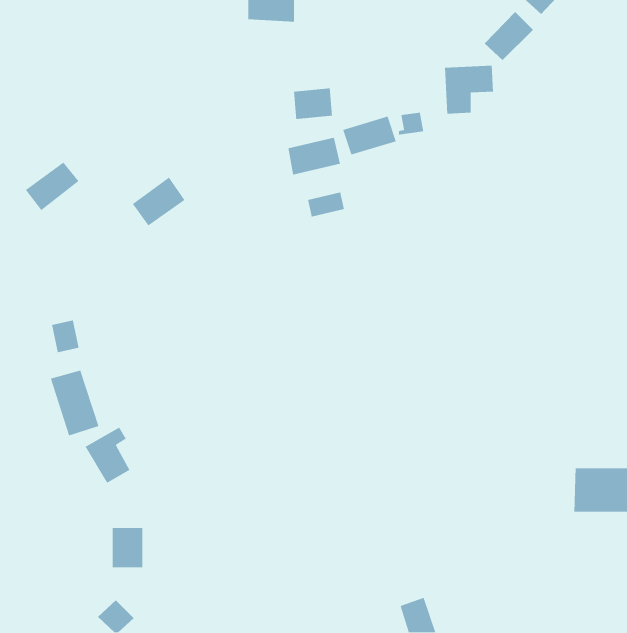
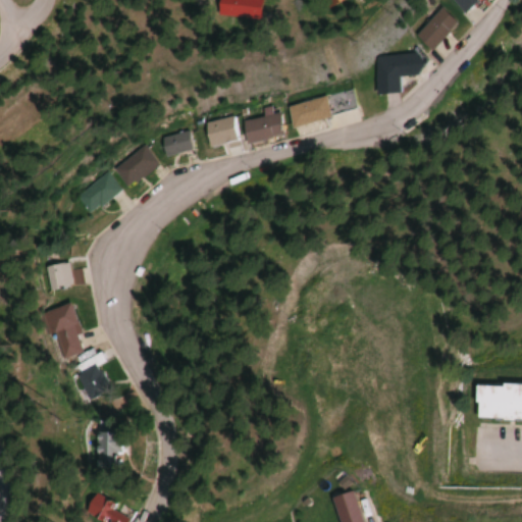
building: [293,87,333,120] -> [207,117,240,144]
building: none -> [162,130,195,156]
building: [25,161,80,211] -> [79,172,123,213]
building: [307,192,345,217] -> none

